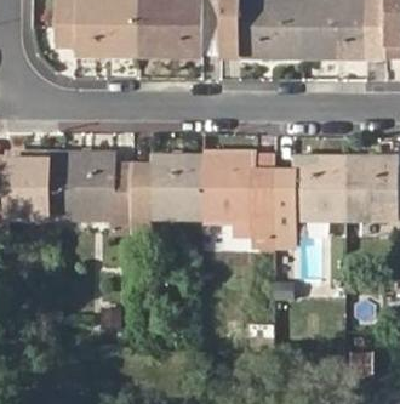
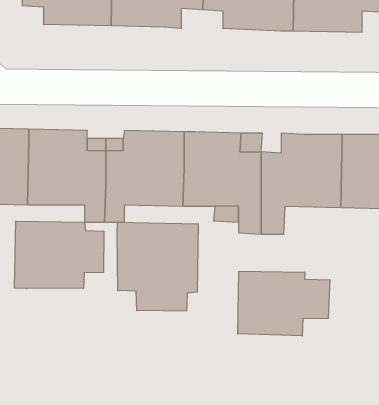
building: none -> [15,221,104,289]
building: none -> [117,222,198,311]
building: none -> [238,271,330,336]

